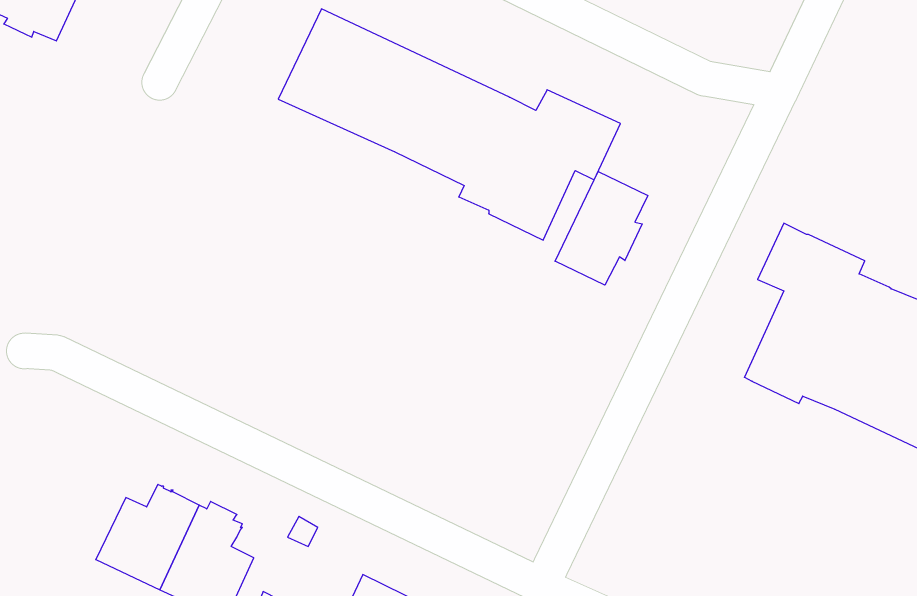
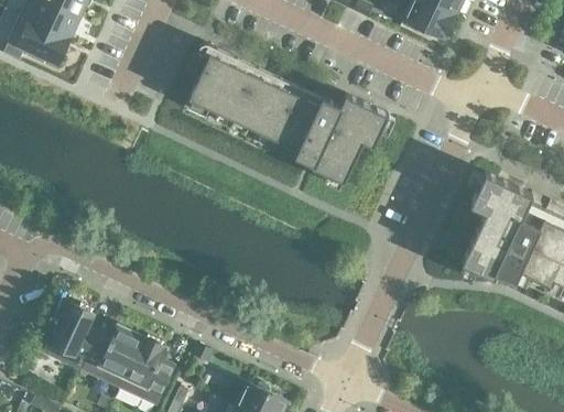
building: [555,172,648,285] -> none
building: none -> [41,302,98,369]

